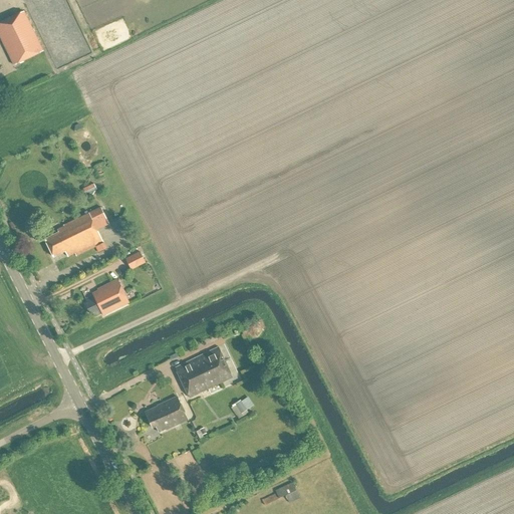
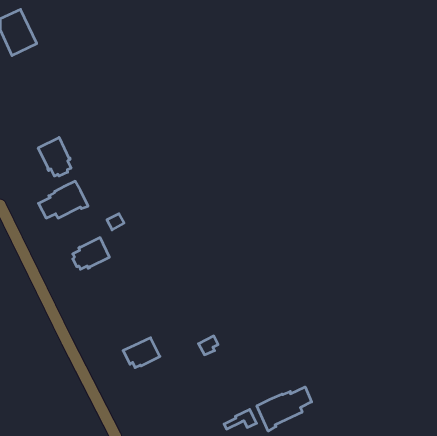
building: none -> [38,137,71,176]
building: [175,346,232,397] -> none
building: none -> [257,387,312,431]

